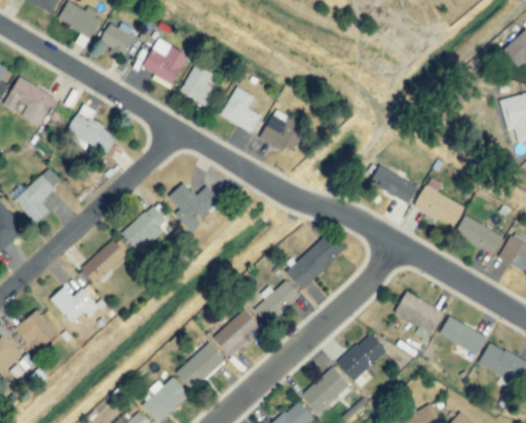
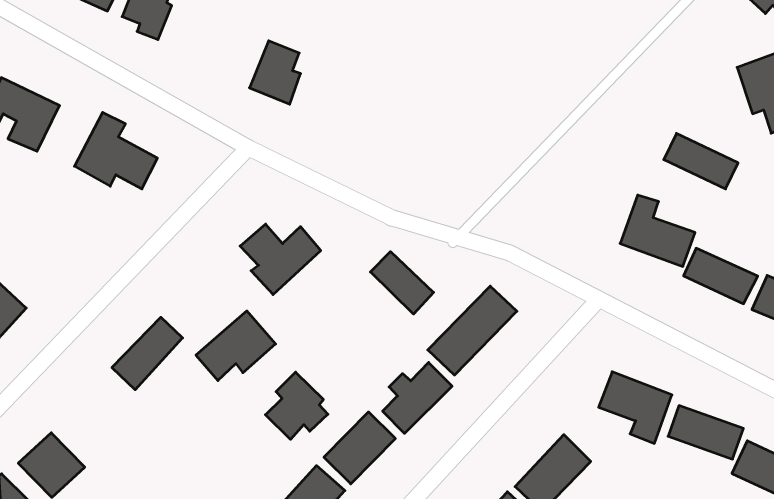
building: [143,39,188,83] -> none
building: [220,86,260,132] -> none
building: [260,110,306,151] -> none
building: [371,166,419,204] -> [664,133,738,189]
building: [14,175,55,224] -> none
building: [121,204,174,248] -> [196,311,276,381]
building: none -> [370,252,434,314]
building: none -> [265,372,328,439]
building: [49,286,100,324] -> none

